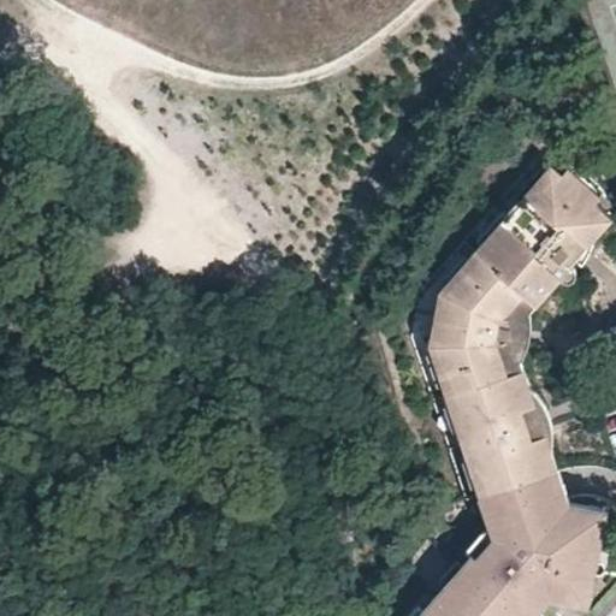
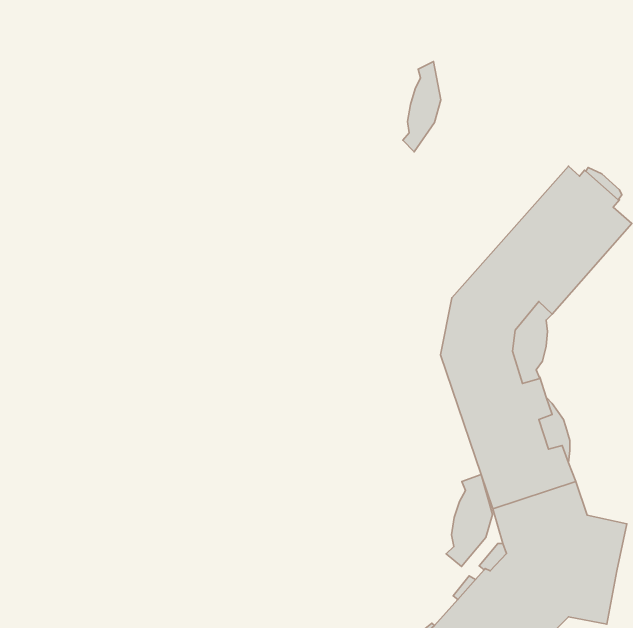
building: none -> [403,61,441,152]
building: none -> [446,475,492,566]

